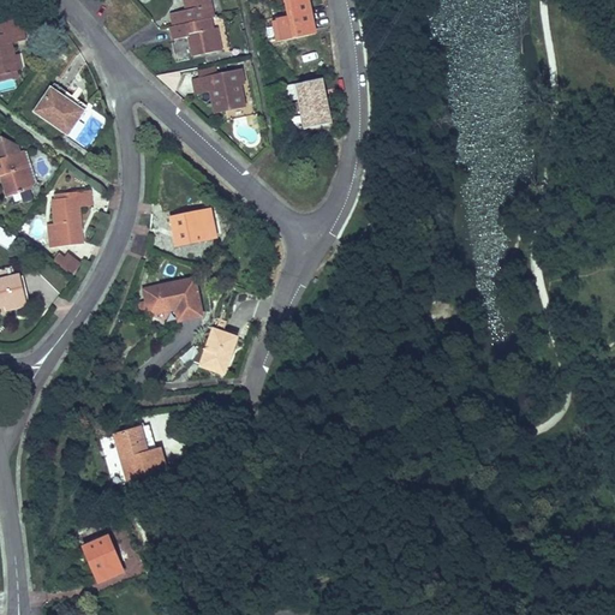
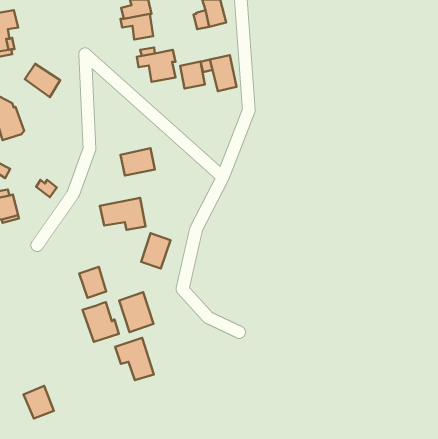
building: none -> [180,62,205,88]
building: [44,189,91,246] -> none
building: none -> [79,267,106,298]
building: none -> [119,292,154,332]
building: none -> [115,338,154,380]
building: [77,538,119,584] -> [24,386,54,419]

